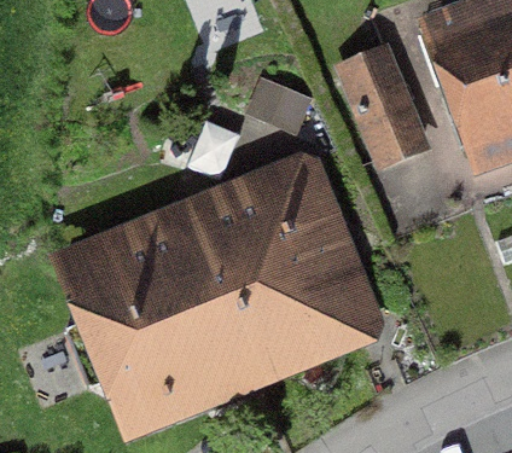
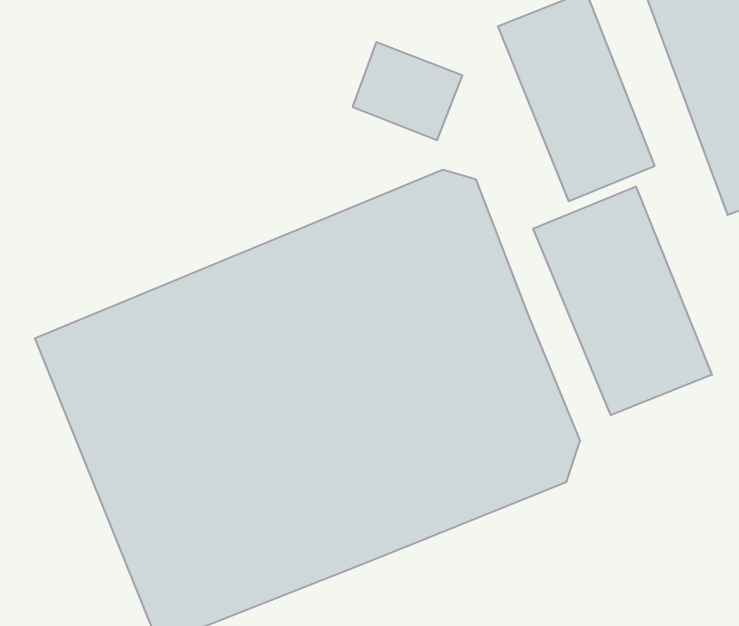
building: none -> [533,187,712,415]

